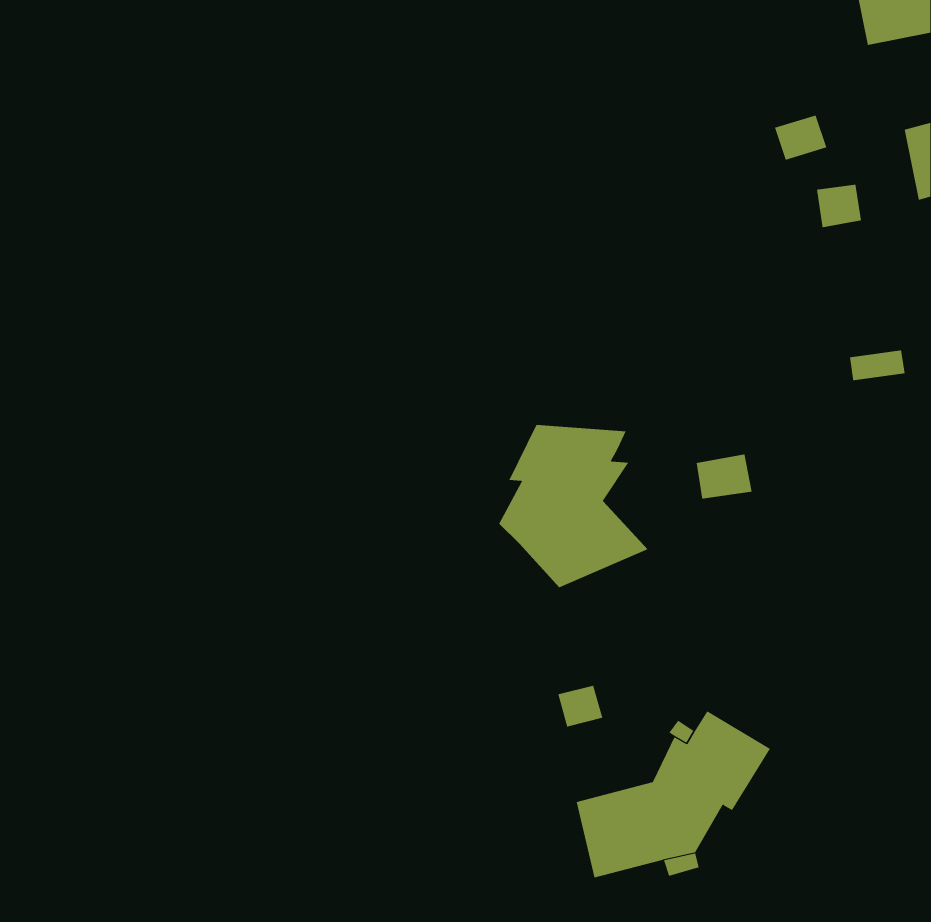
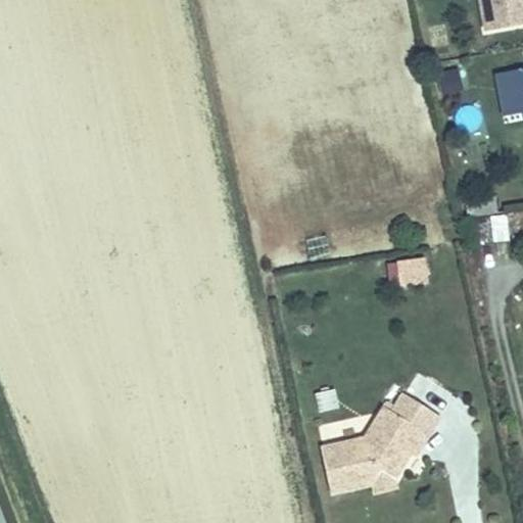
building: [498,424,648,588] -> none

